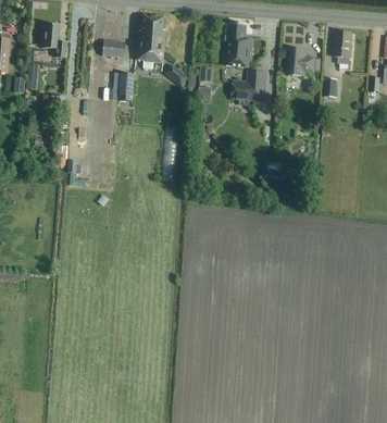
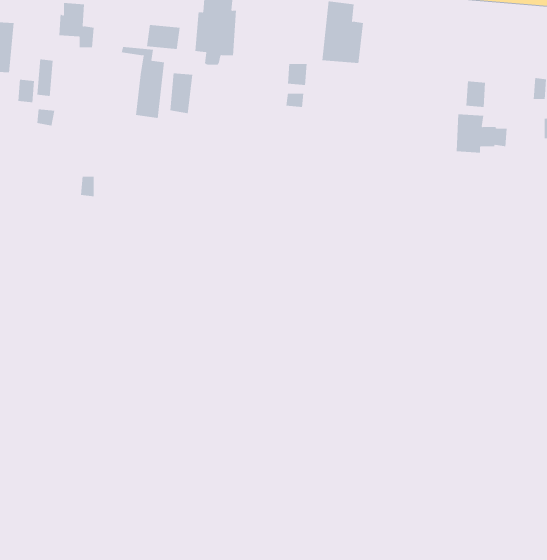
building: [335,30,352,63] -> none
building: [287,48,323,75] -> [456,114,508,153]
building: [232,69,266,100] -> none

